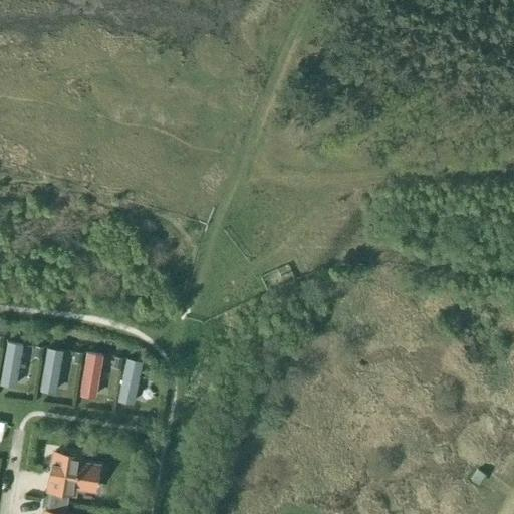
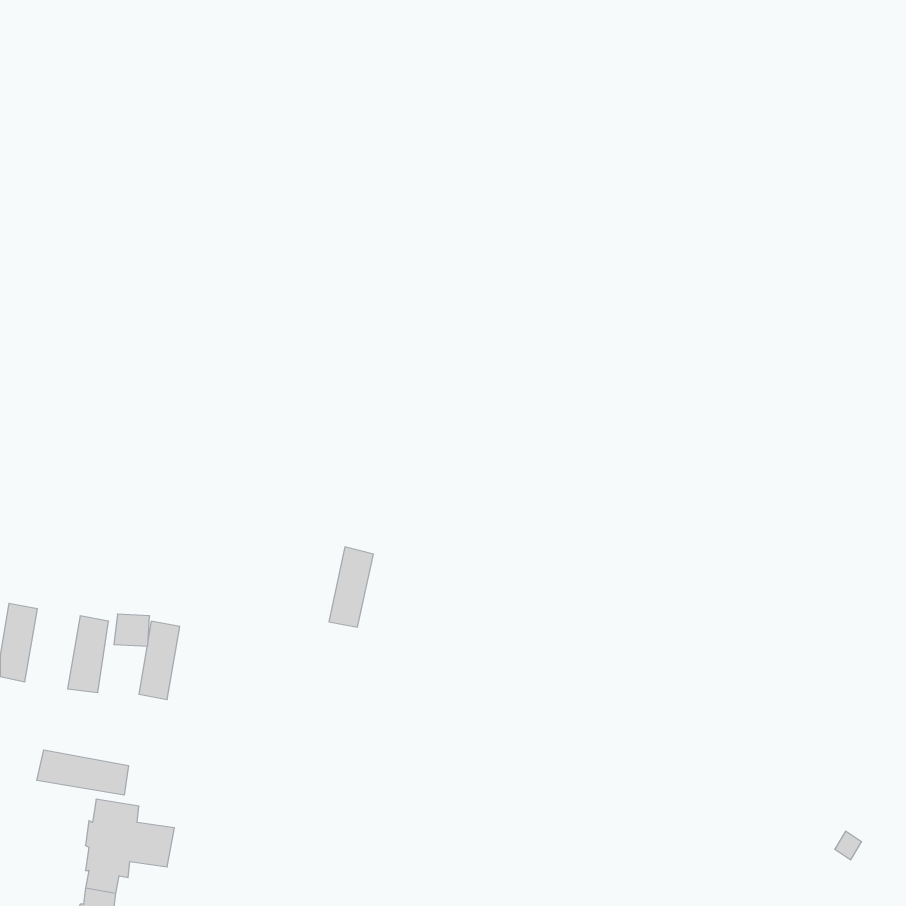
building: [118,358,144,404] -> [329,547,373,627]
building: none -> [37,750,128,795]

